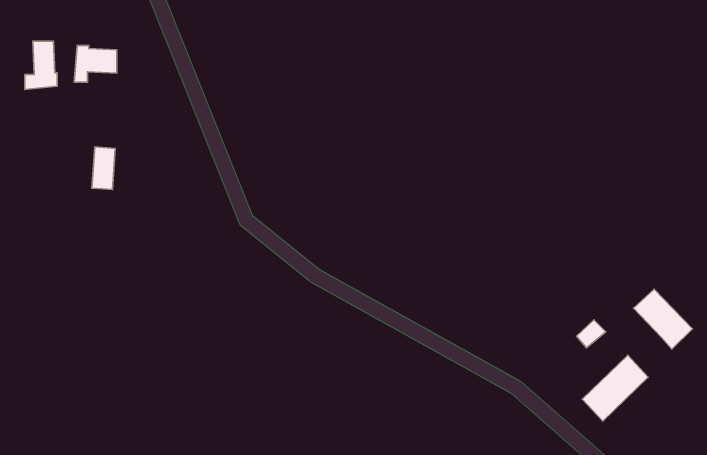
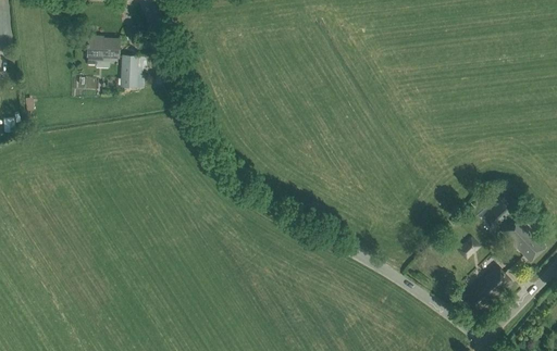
building: [25,41,57,90] -> none
building: [92,147,115,190] -> [121,54,138,86]

